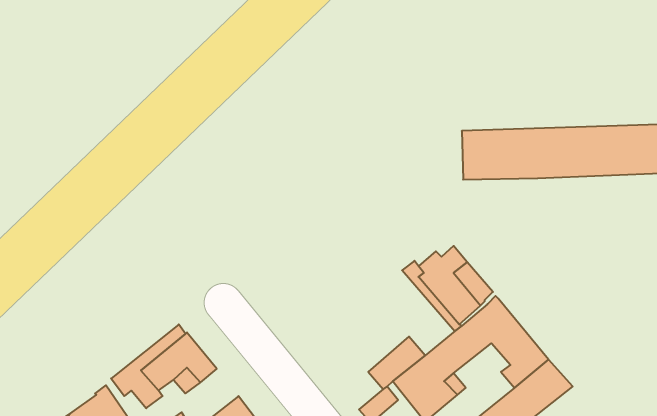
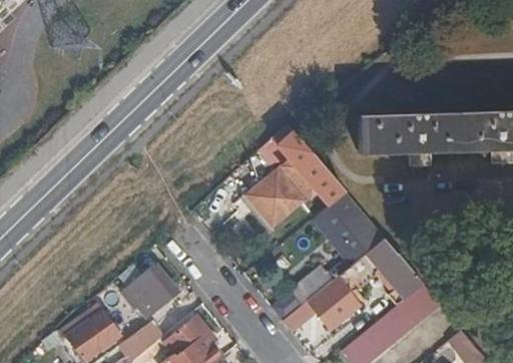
building: none -> [273,123,346,207]
building: none -> [246,169,306,229]

